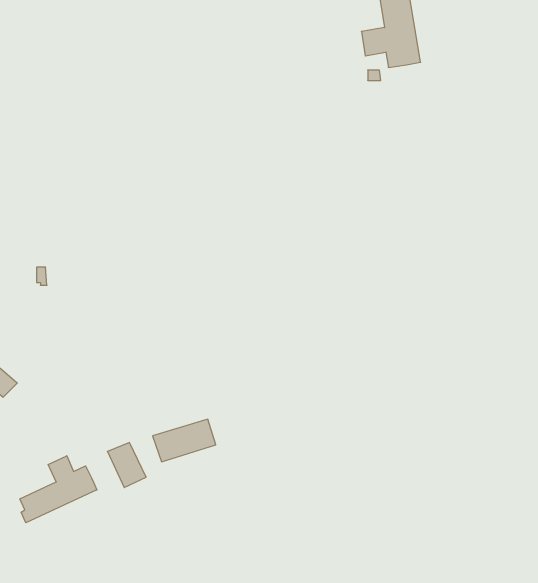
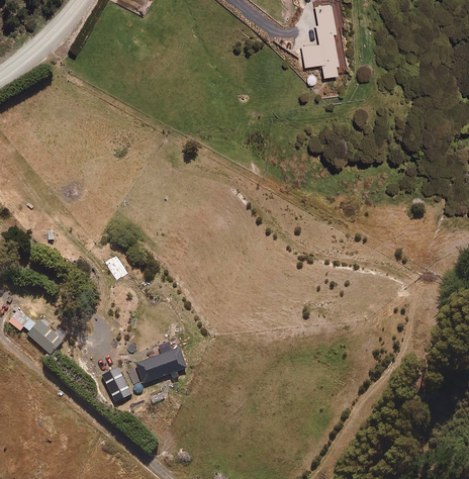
building: none -> [27,320,64,356]
building: [20,456,97,523] -> none

